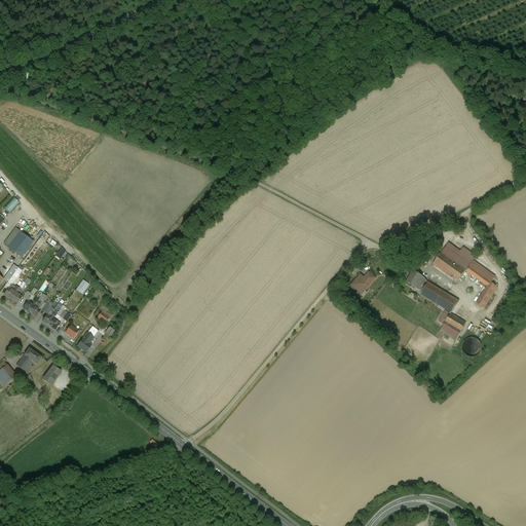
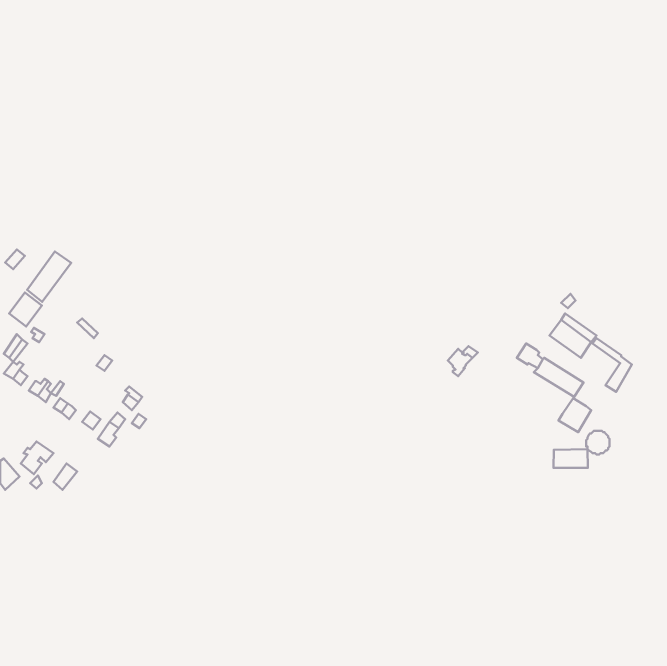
building: none -> [27,252,71,302]
building: none -> [554,449,588,468]

